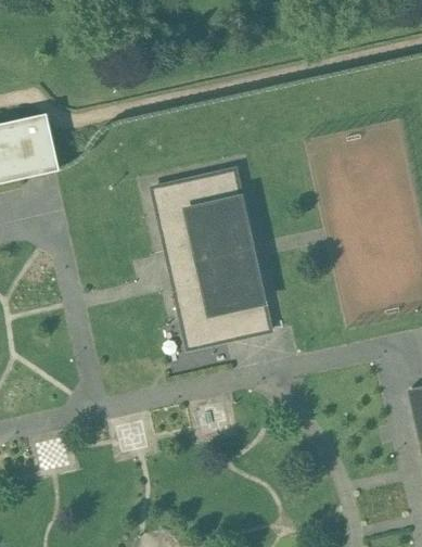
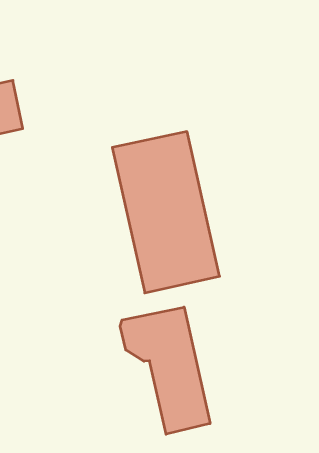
building: none -> [120,307,210,434]

